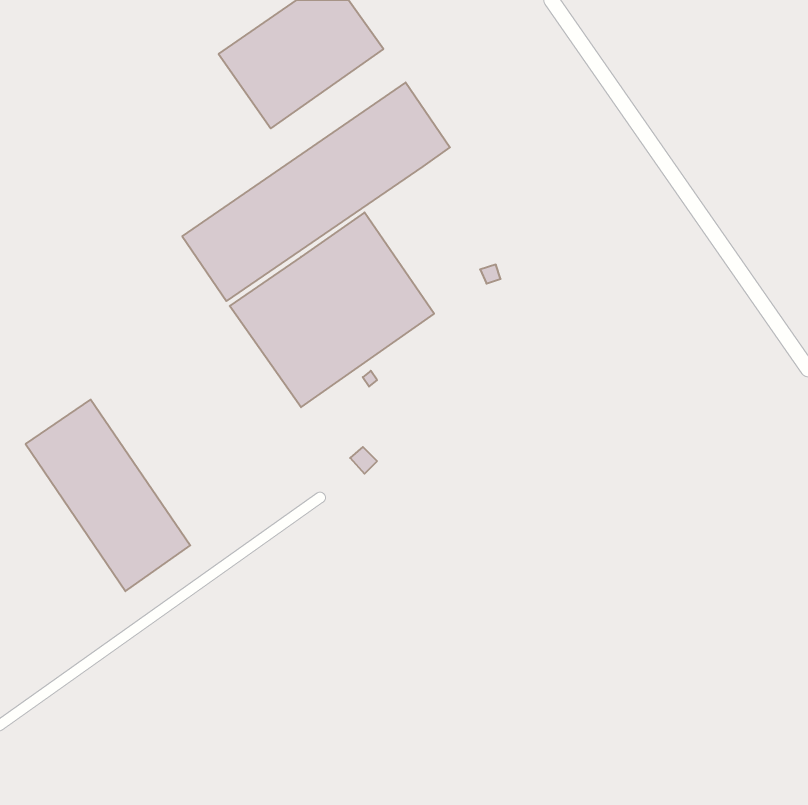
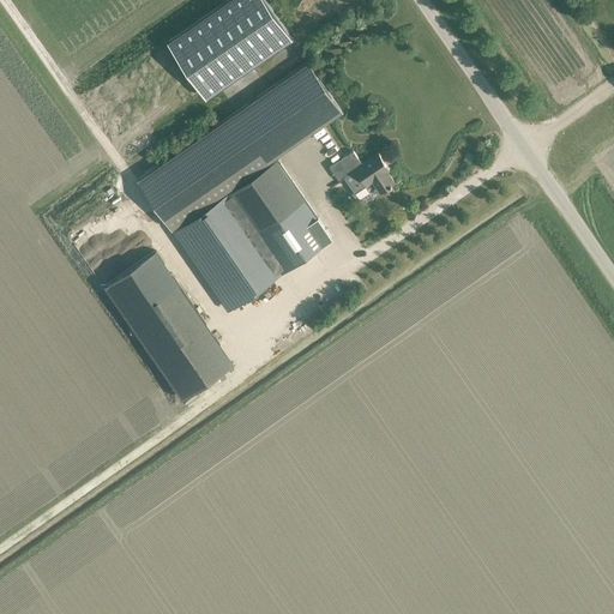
building: none -> [329,155,393,197]
building: [26,400,190,591] -> [107,255,231,401]

